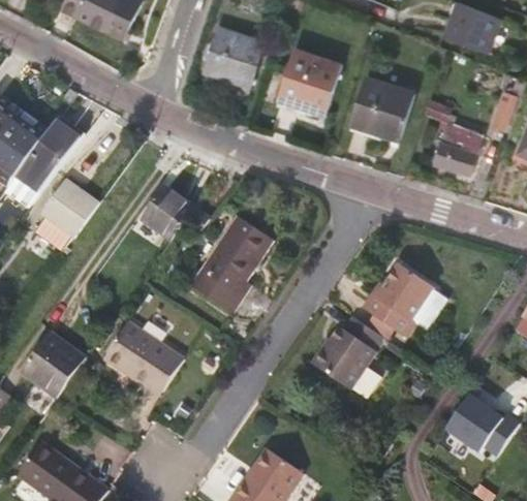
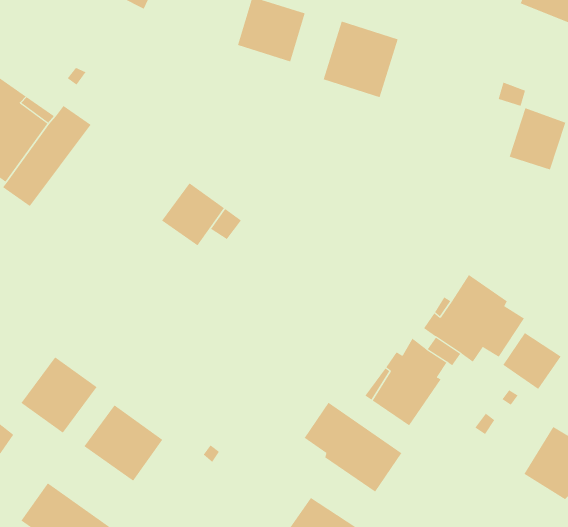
building: [348,79,412,139] -> none
building: [38,178,98,238] -> none
building: [190,219,276,316] -> none
building: none -> [502,332,561,390]
building: [103,319,171,384] -> [83,404,163,482]
building: none -> [304,402,402,492]

